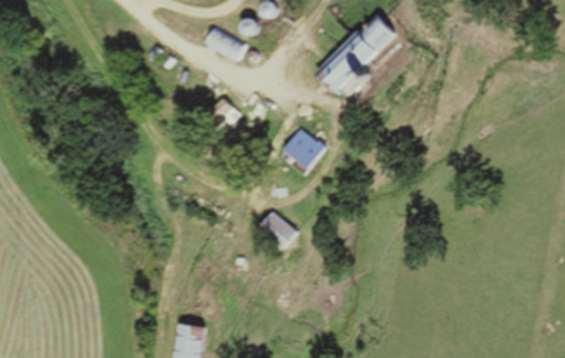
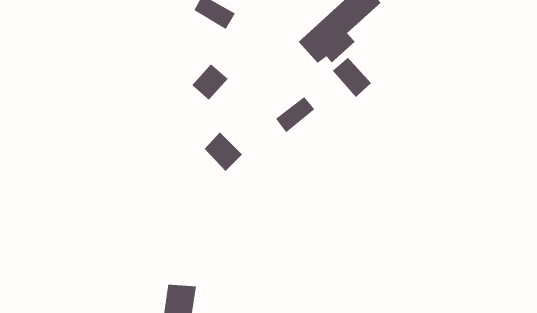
building: none -> [332,57,372,98]
building: [256,209,296,250] -> [204,132,243,172]

